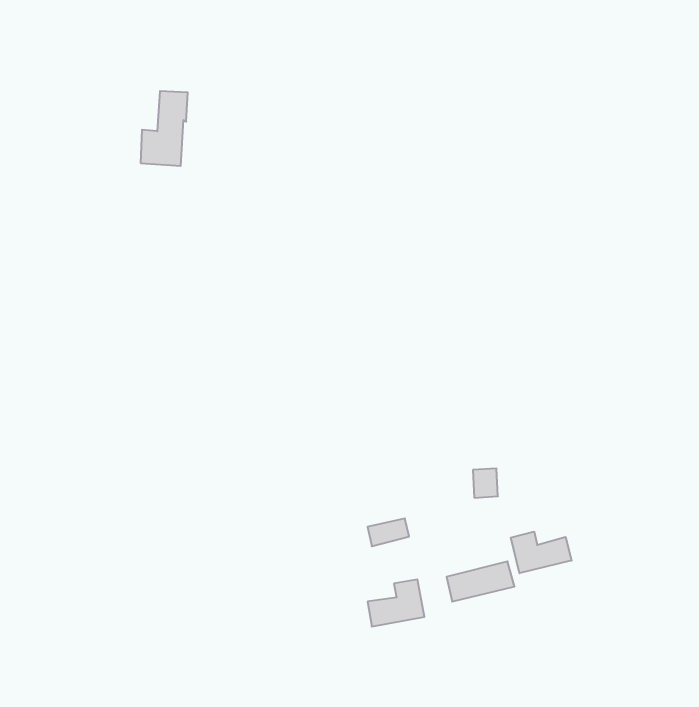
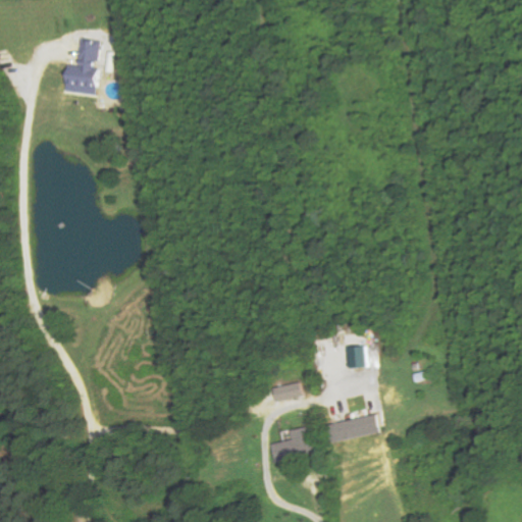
building: [141,91,188,166] -> [64,39,99,94]
building: [511,532,572,573] -> none

